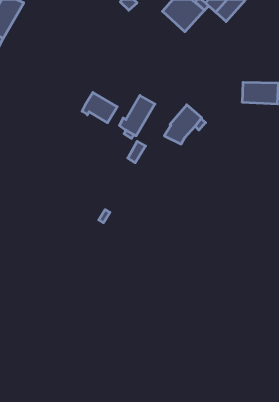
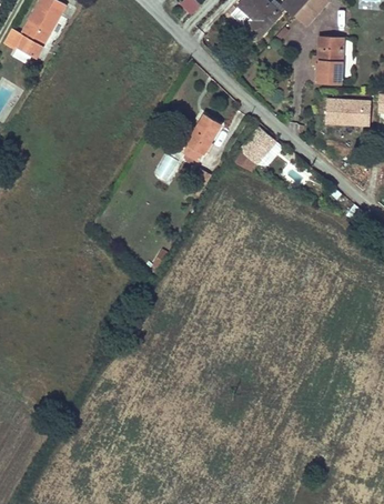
building: none -> [316,37,344,82]
building: [82,92,117,123] -> none

